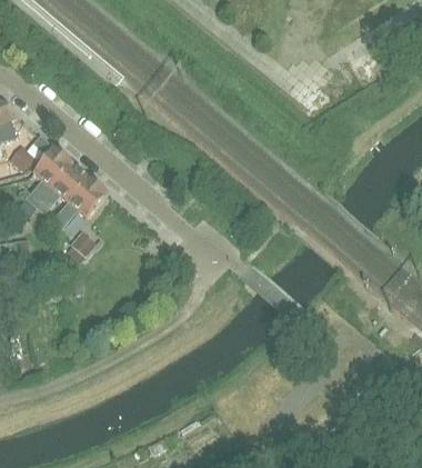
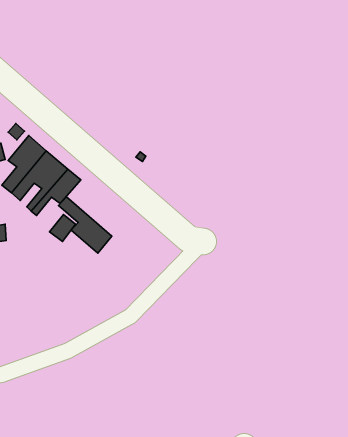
building: none -> [59,197,112,253]

